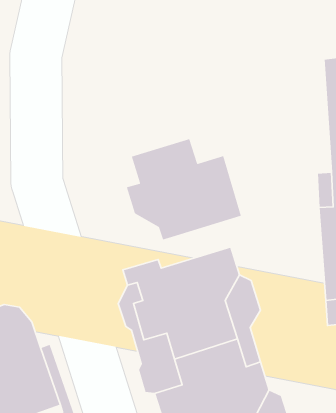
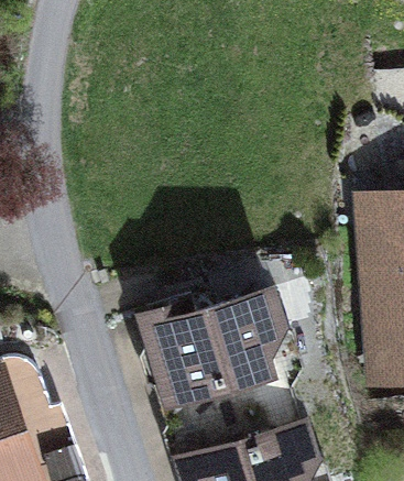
building: [126,138,242,240] -> none

